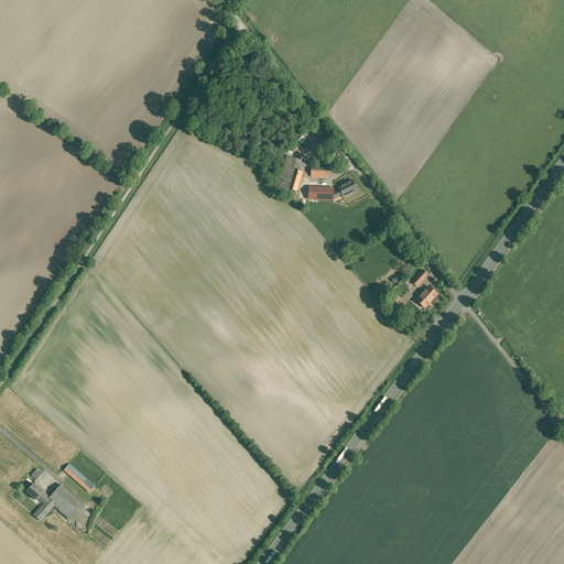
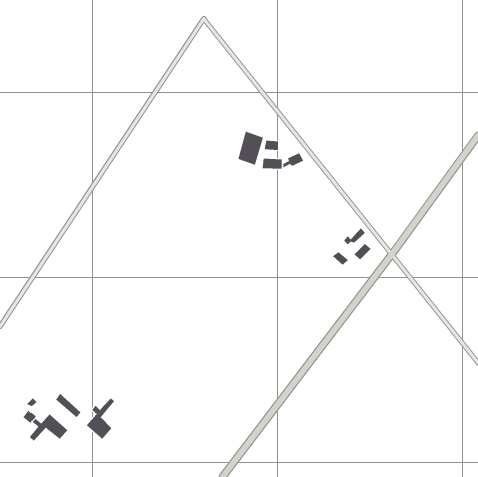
building: none -> [86,397,115,440]

